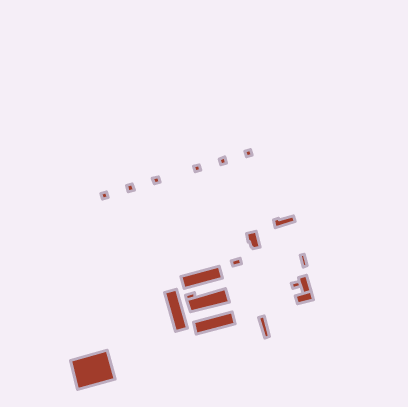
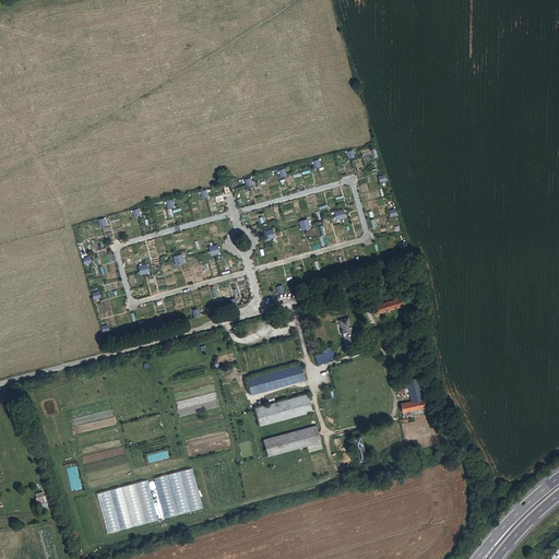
building: [164,289,188,332] -> none
building: none -> [154,467,201,515]

